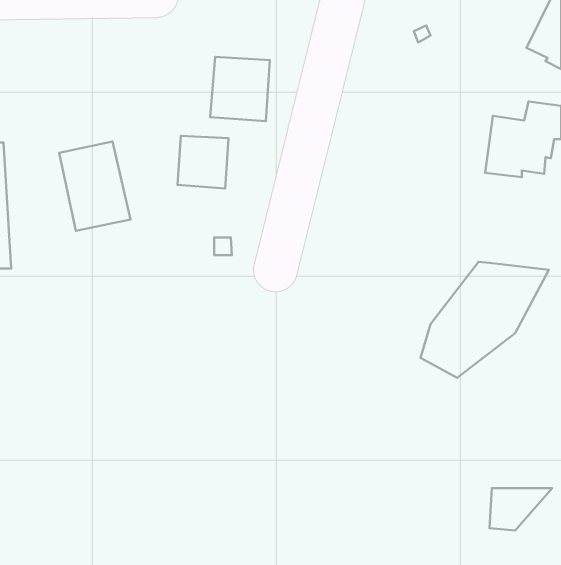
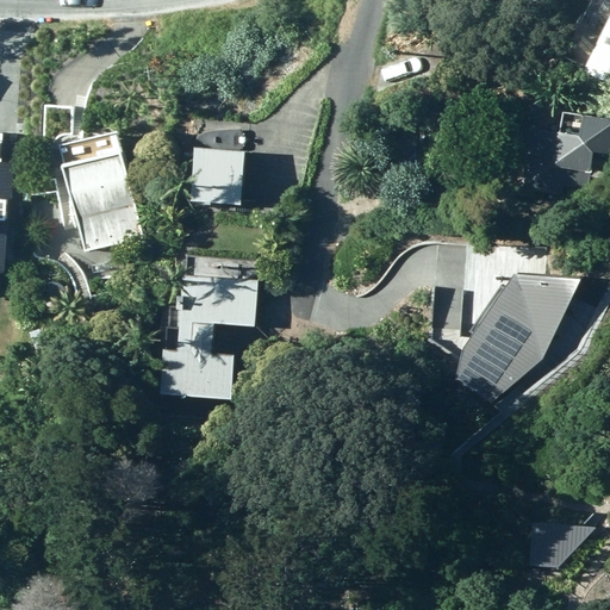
building: [210,57,270,121] -> none
building: none -> [156,273,256,398]

